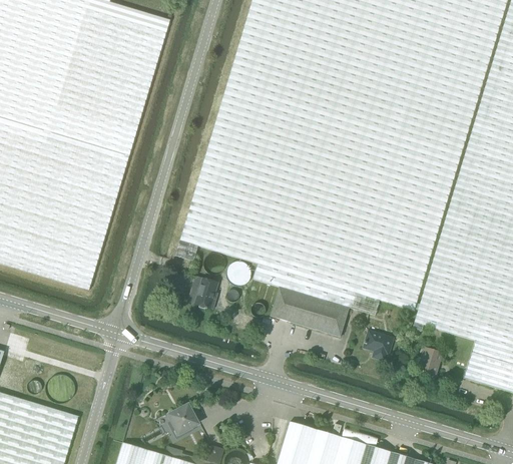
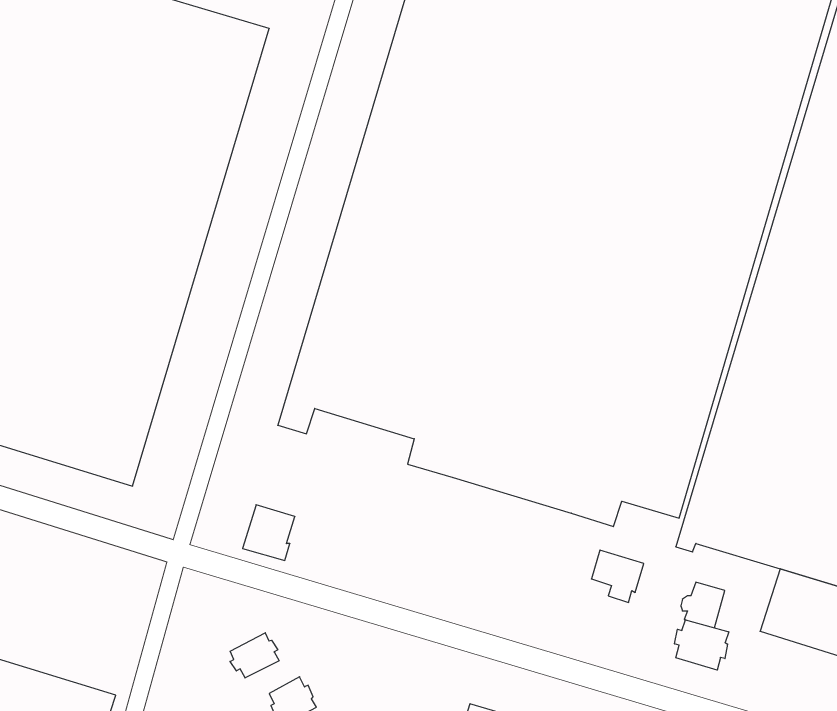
building: [186,276,217,309] -> [243,505,295,560]
building: [270,287,349,337] -> none
building: none -> [675,620,729,670]
building: none -> [230,633,279,678]

